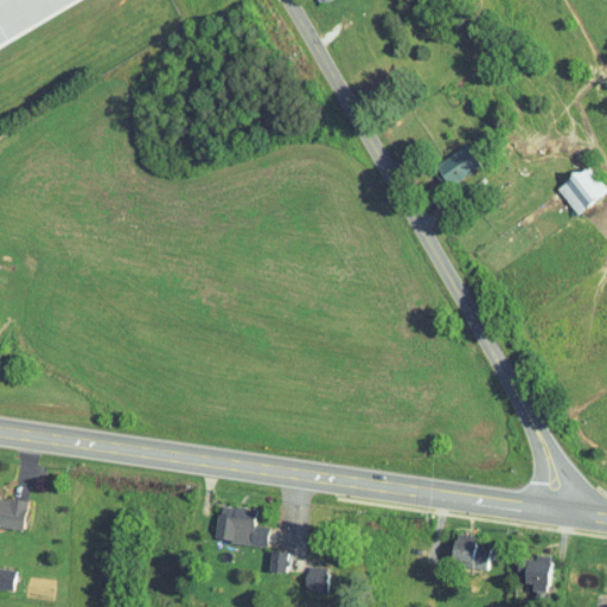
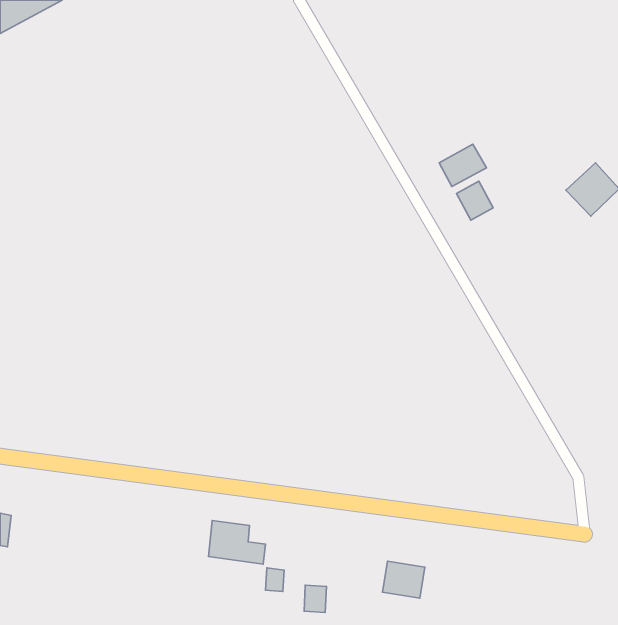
building: none -> [457,181,493,220]
building: [451,536,491,571] -> [383,561,425,598]
building: [517,556,550,594] -> none

